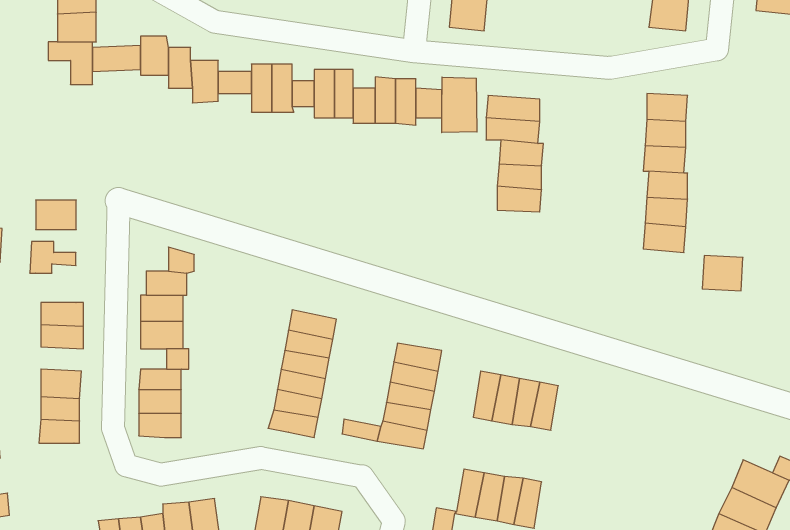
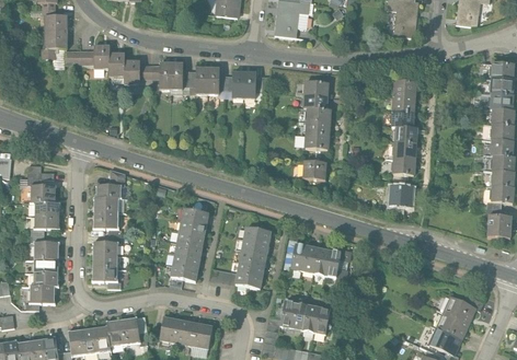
building: [442,77,477,133] -> none
building: [36,200,76,230] -> [30,184,54,201]
building: none -> [301,159,326,179]
building: [702,256,743,291] -> [389,184,413,205]
building: none -> [27,284,53,303]

